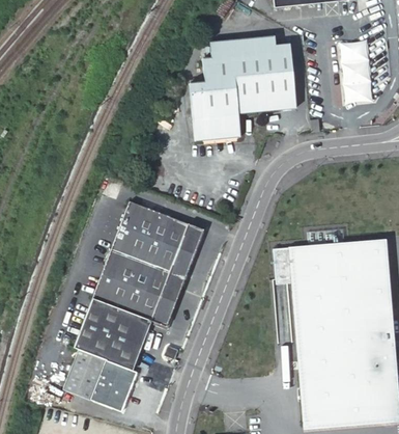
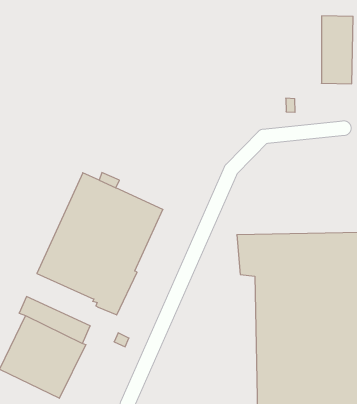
building: [190,35,295,139] -> none
building: [82,294,148,340] -> none

